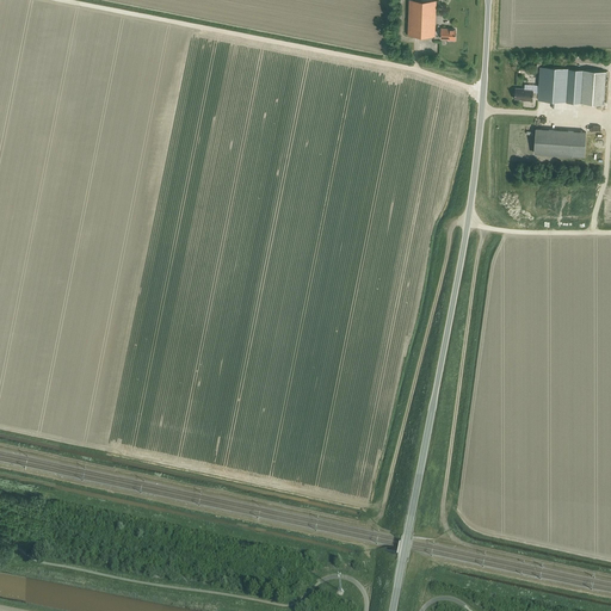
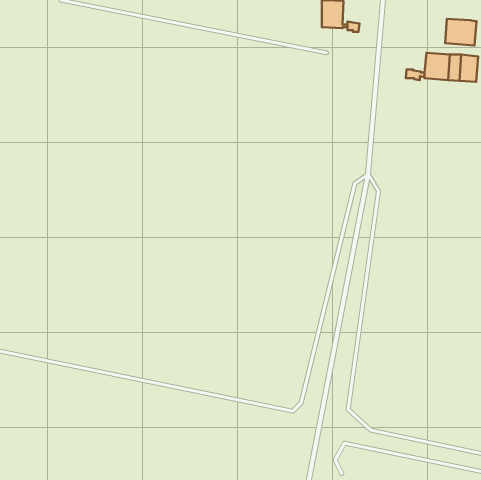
building: none -> [445,19,476,45]
building: [533,130,586,158] -> none

